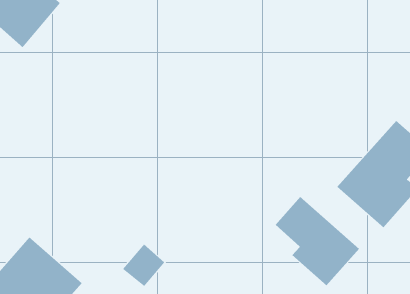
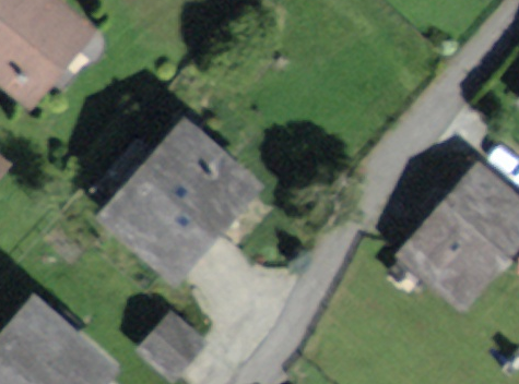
building: none -> [104,139,245,257]
building: [275,196,360,286] -> none

